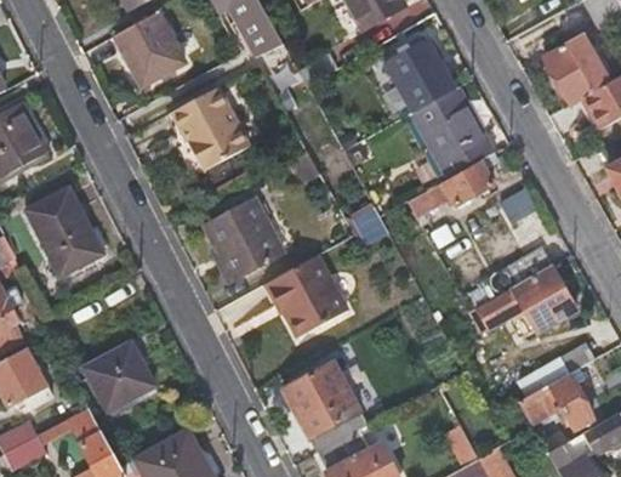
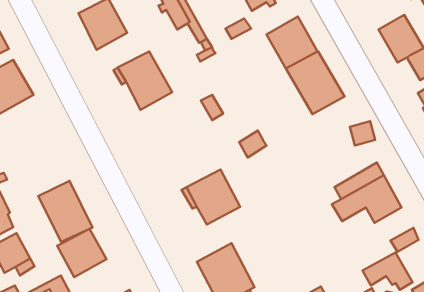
building: [406,153,498,226] -> none
building: [24,188,102,276] -> [38,181,93,242]
building: [205,198,284,279] -> none

